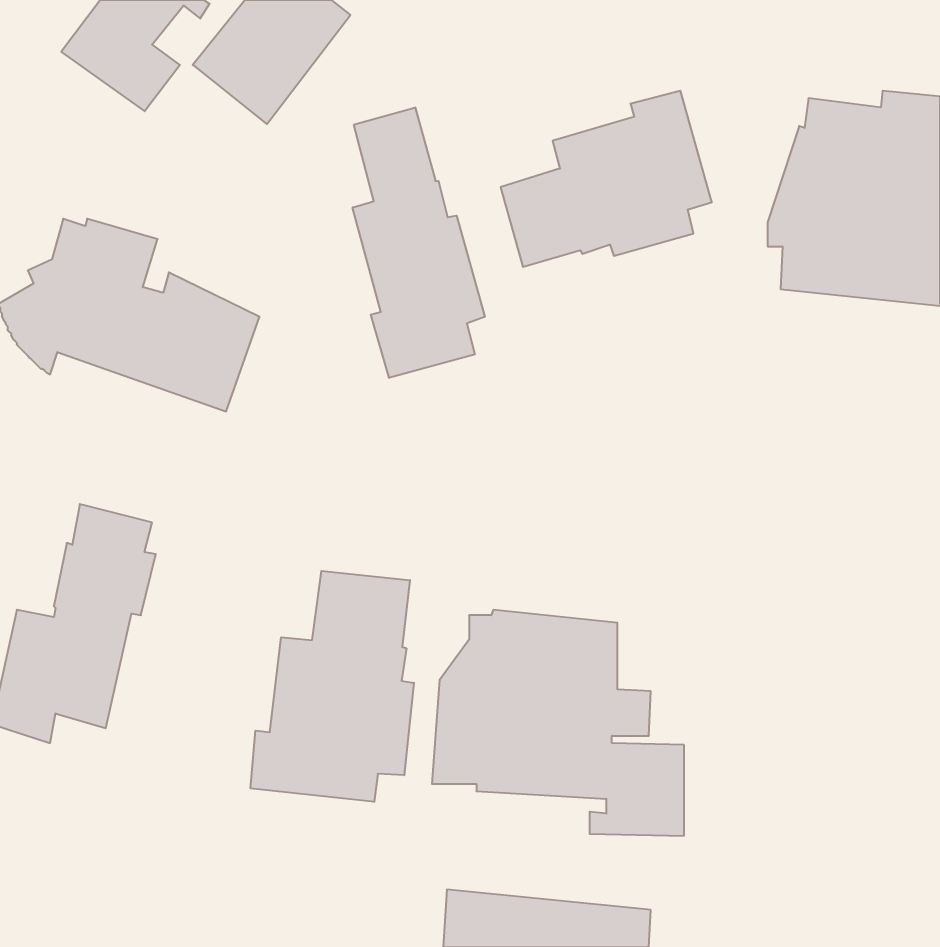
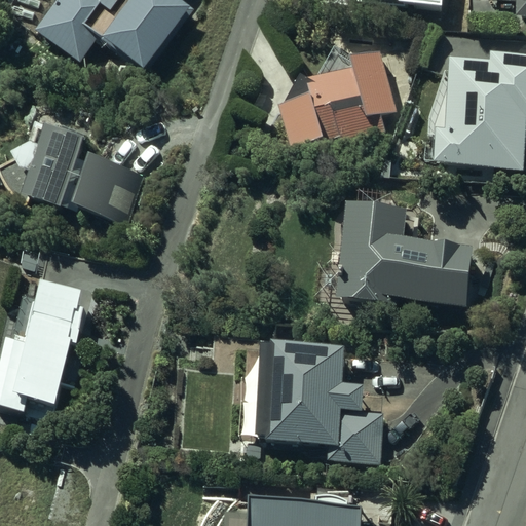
building: [353,107,485,378] -> none
building: none -> [323,198,474,308]
building: [251,571,414,802] -> none

